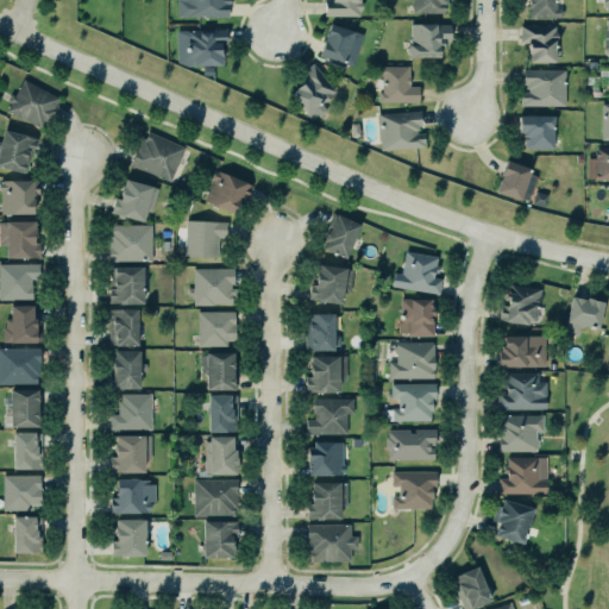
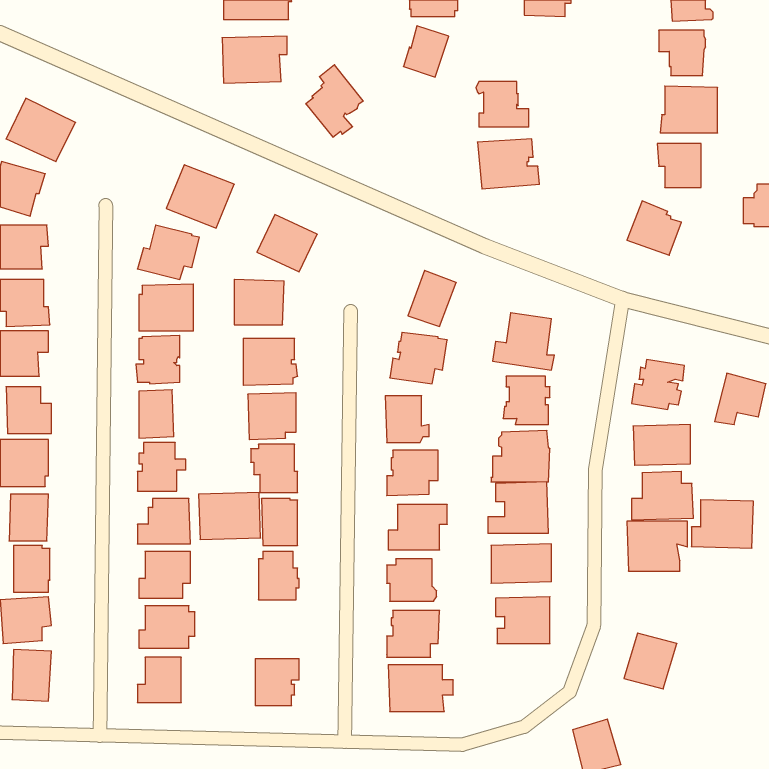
building: [410,25,452,57] -> none
building: [291,63,337,120] -> [306,65,363,137]
building: [500,458,548,496] -> [691,500,753,548]
building: [190,476,239,513] -> [199,493,261,539]

